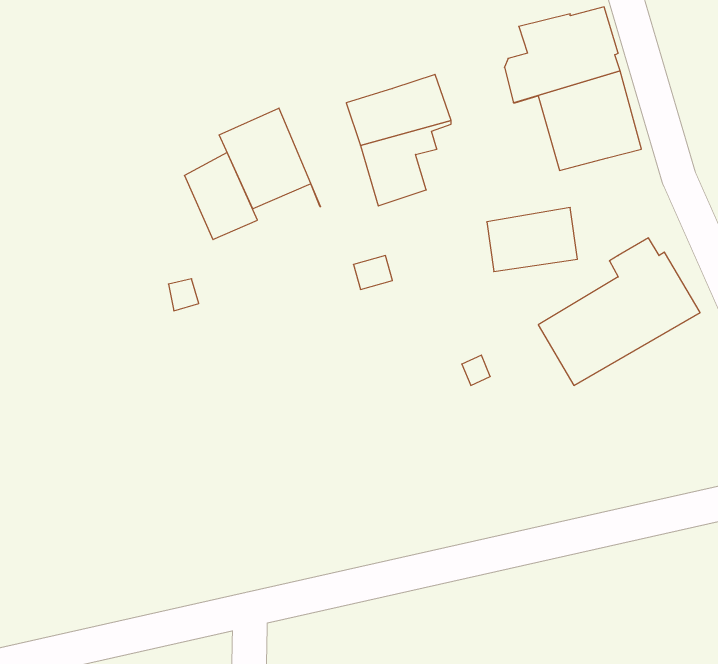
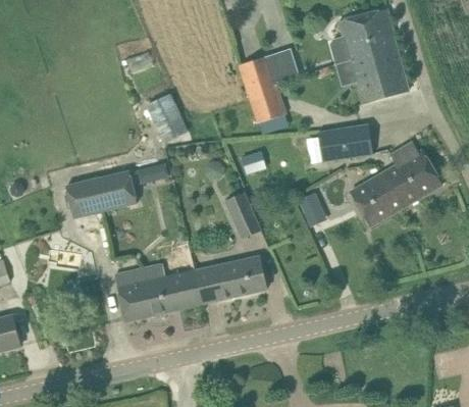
building: [219,108,321,209] -> none
building: none -> [66,170,137,218]
building: none -> [225,194,259,238]
building: none -> [114,256,266,321]

